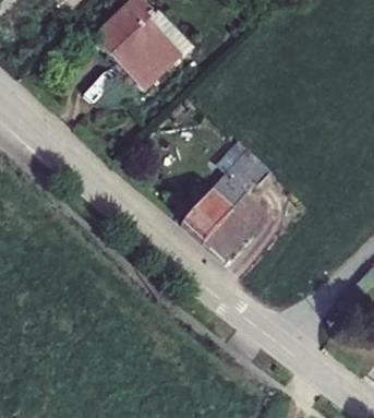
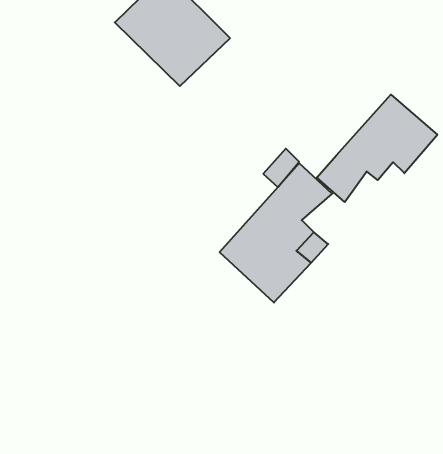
building: none -> [317,95,437,202]

